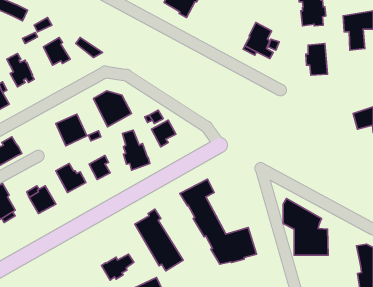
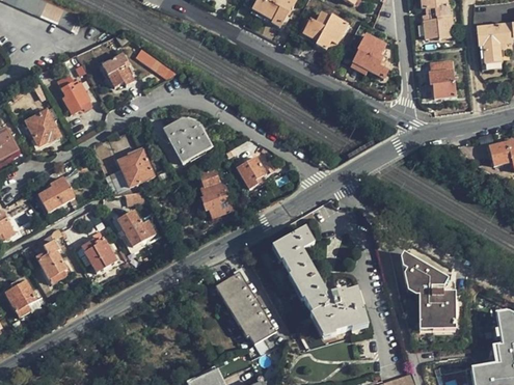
building: none -> [303,11,348,50]
building: [89,156,110,180] -> none
building: [102,254,134,280] -> none

